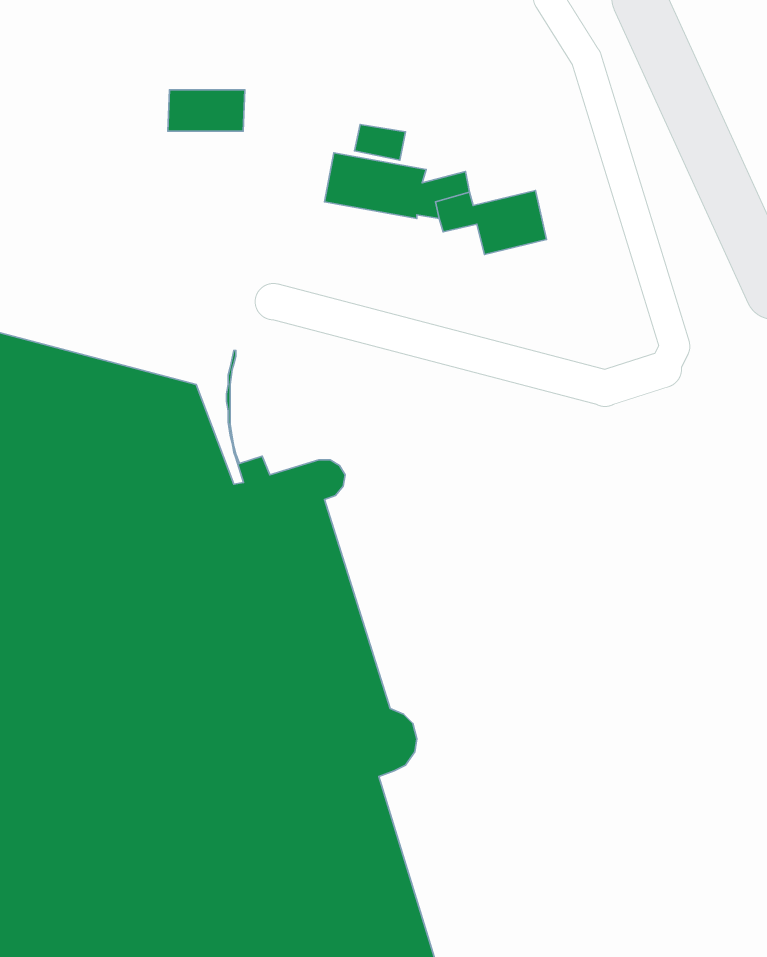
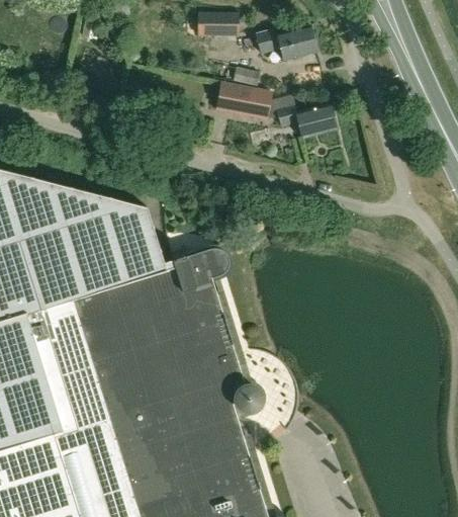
building: none -> [254,26,315,62]
building: [168,90,245,131] -> [196,14,238,36]

